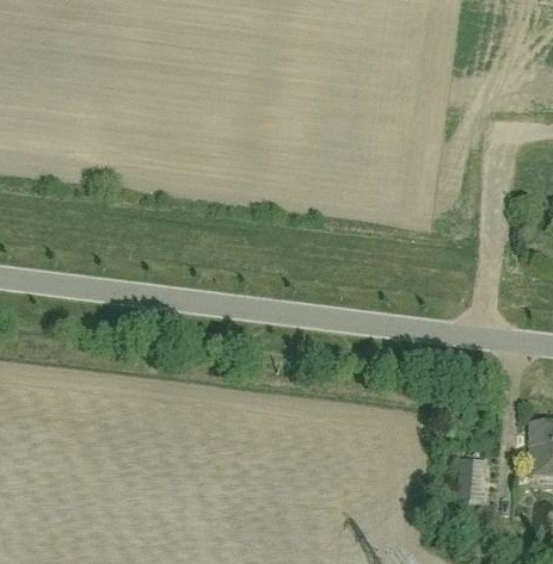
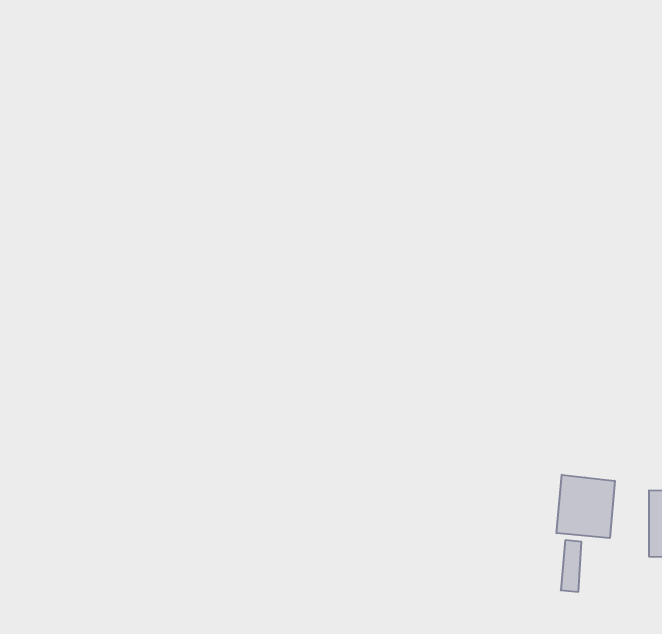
building: none -> [557,475,615,538]

